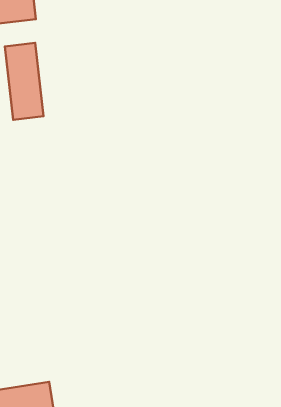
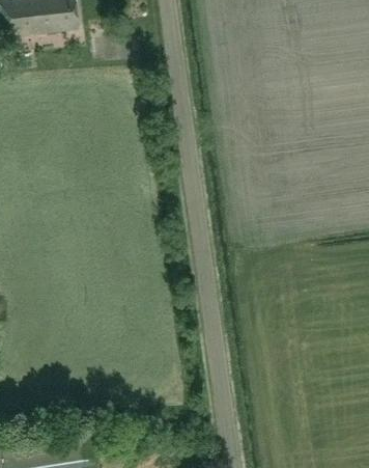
building: [5,43,44,120] -> none

